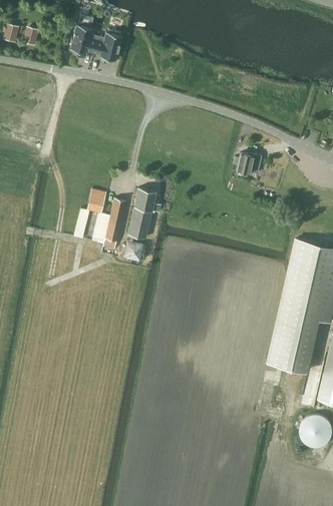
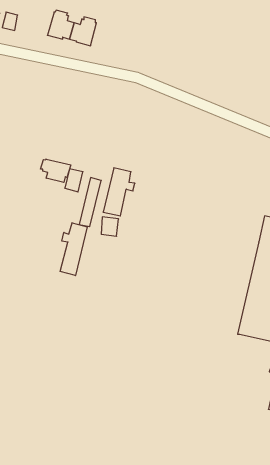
building: [237,154,261,174] -> none
building: none -> [41,159,71,182]
building: none -> [60,223,87,276]

